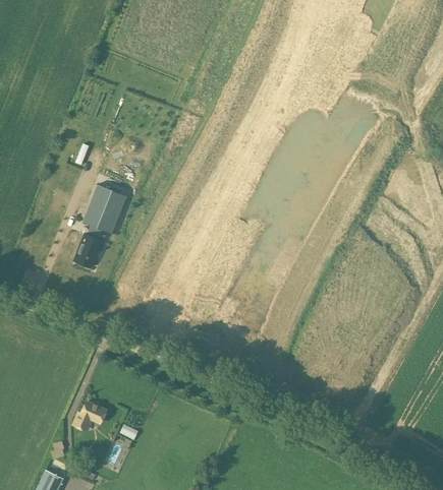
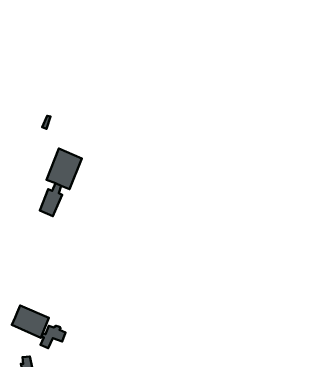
building: none -> [12,306,49,338]

